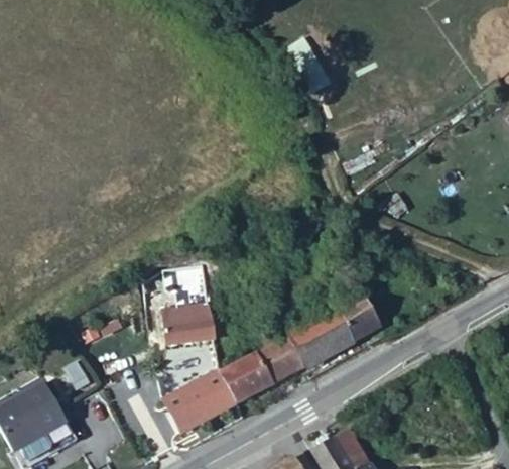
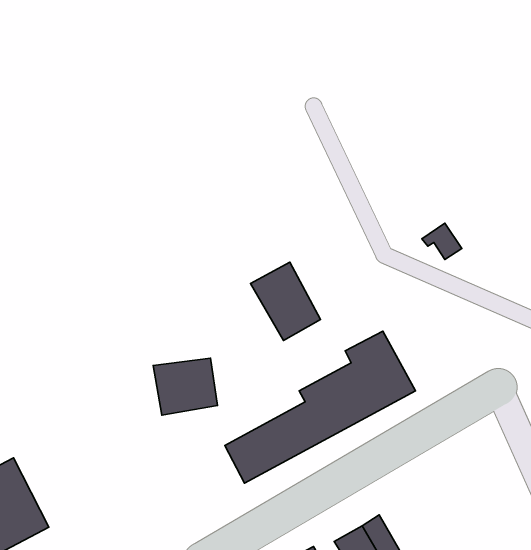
building: none -> [250,262,321,340]
building: [162,368,237,434] -> none

